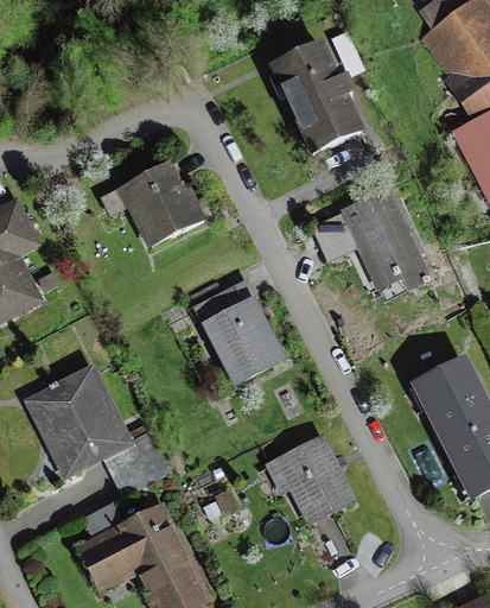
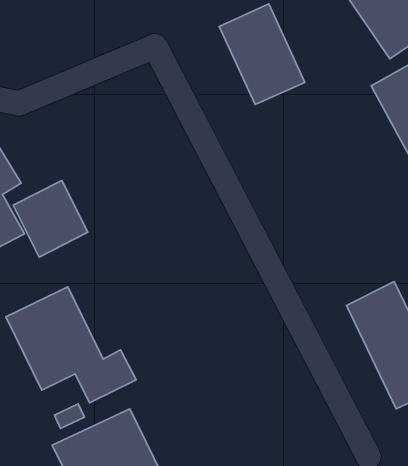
building: [117,158,203,246] -> [13,180,88,257]
building: [312,190,431,299] -> none
building: [190,276,286,385] -> none
building: [268,437,359,537] -> none

